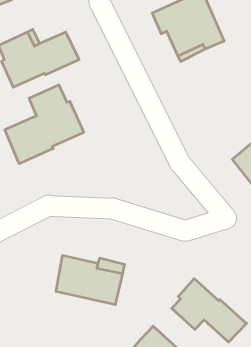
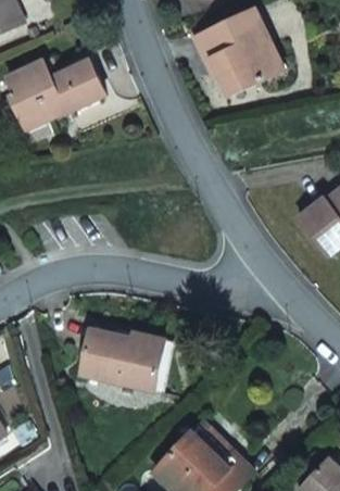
building: [5,85,84,164] -> none
building: [172,279,247,342] -> none

